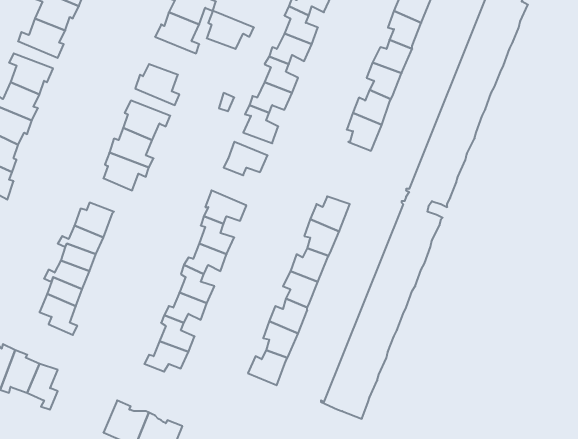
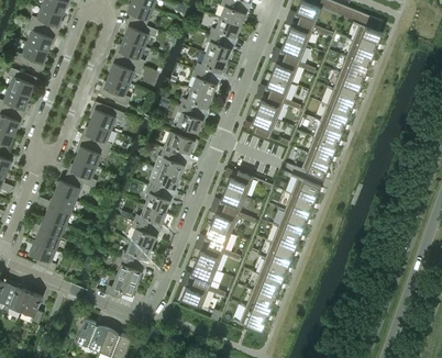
building: [207,11,254,49] -> [109,56,143,83]
building: none -> [154,150,185,178]
building: none -> [66,158,97,188]

